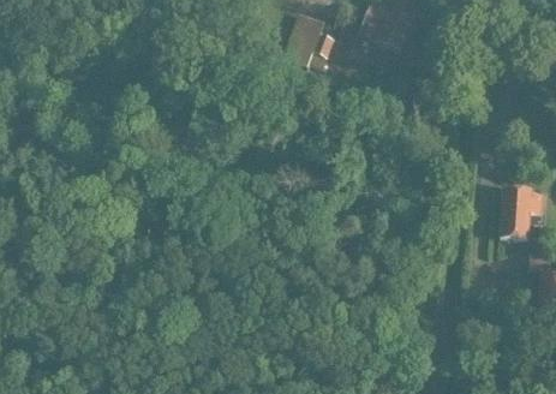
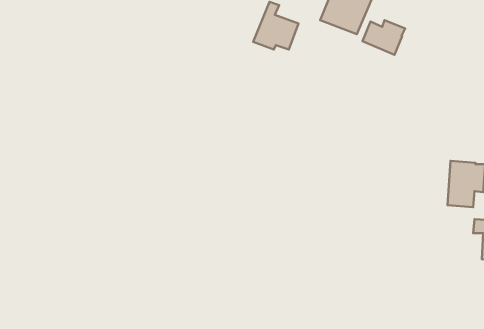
building: none -> [362,20,405,55]

